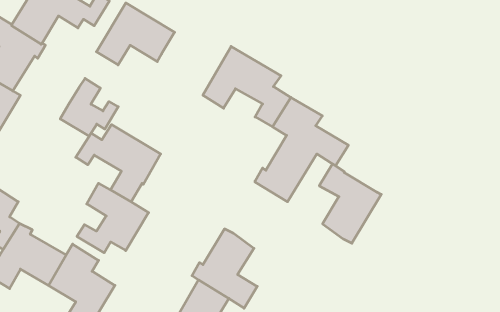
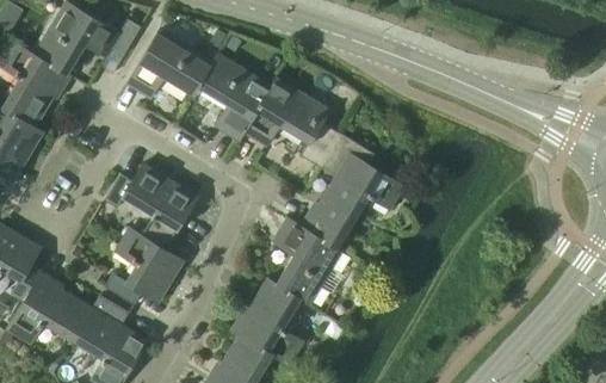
building: none -> [198,55,270,141]
building: [60,78,118,136] -> none
building: [319,164,381,243] -> [273,218,341,305]

